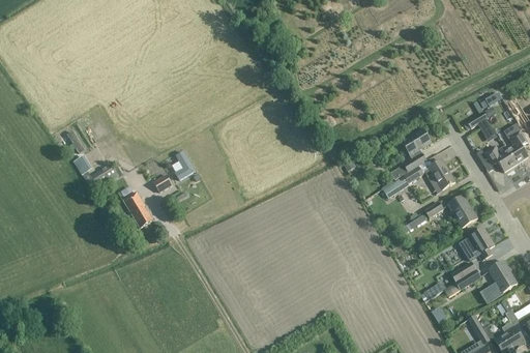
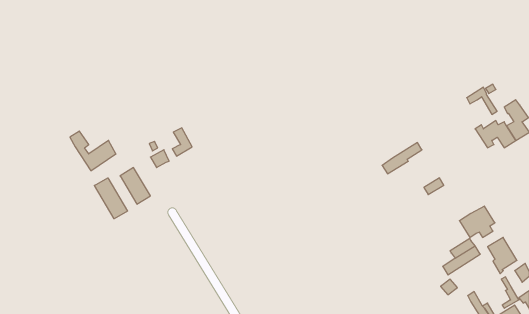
building: [389,128,431,179] -> none
building: [423,159,453,189] -> none
building: [446,195,476,228] -> none
building: none -> [94,178,128,219]

